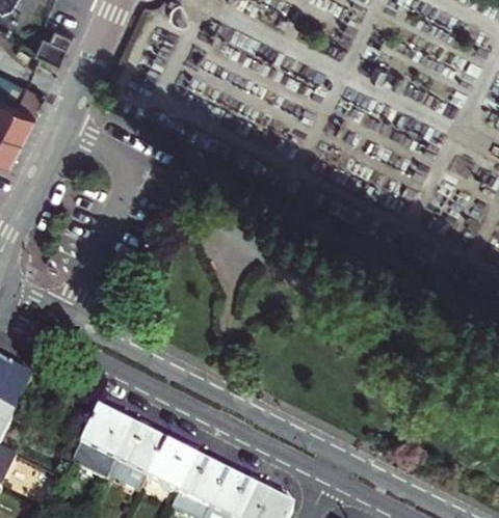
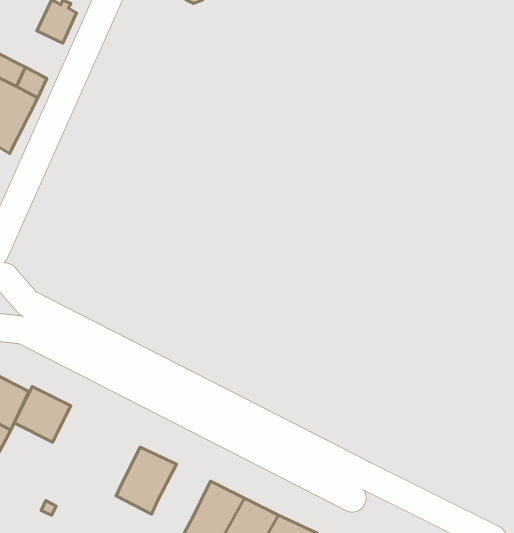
building: [79,410,131,461] -> [14,387,71,442]
building: [147,443,195,493] -> none

